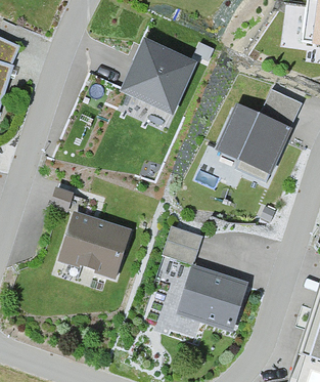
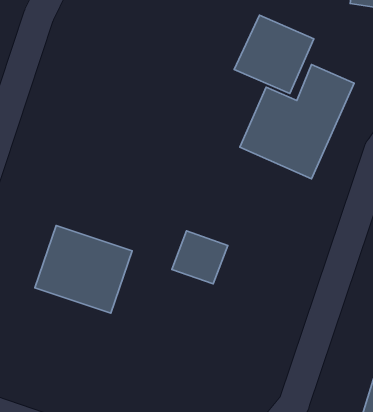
building: [127,43,188,103] -> [234,15,314,93]
building: [174,263,249,333] -> none

